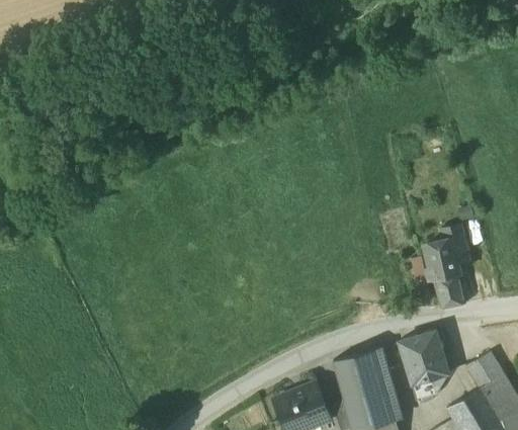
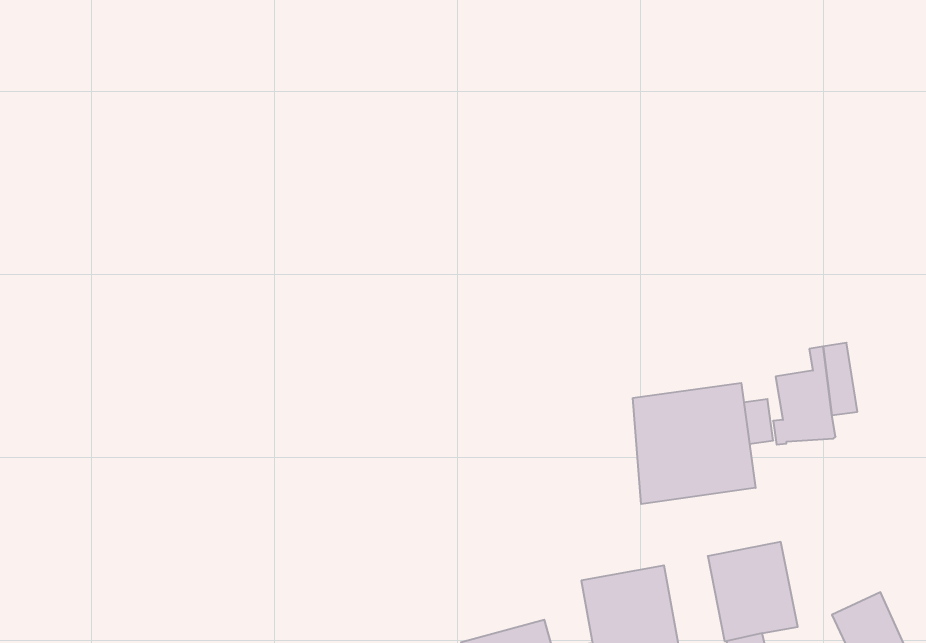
building: none -> [633,383,756,504]
building: [434,273,465,309] -> none

